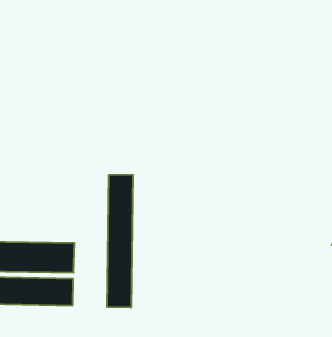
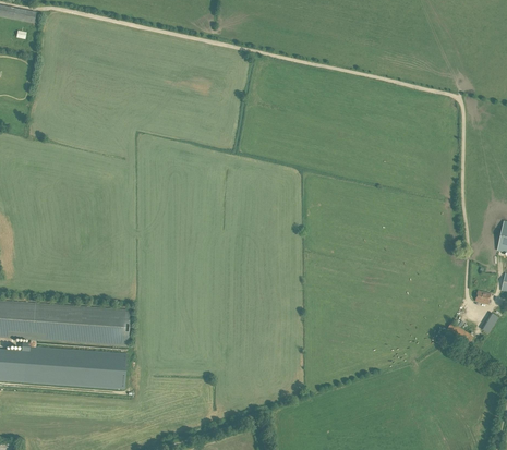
building: [107,175,133,308] -> none

